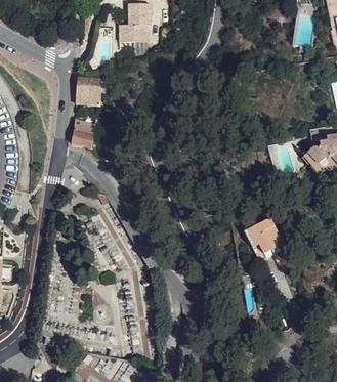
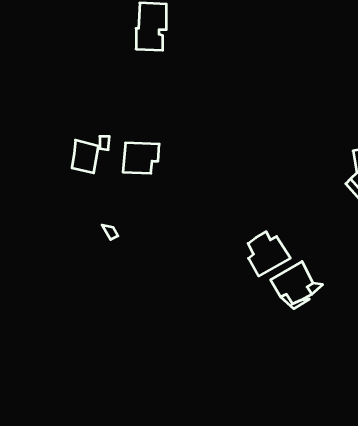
building: [77,80,108,105] -> [123,143,159,173]
building: none -> [248,232,290,276]

